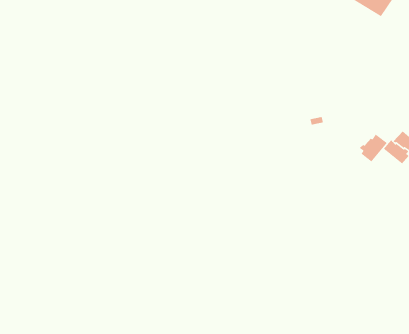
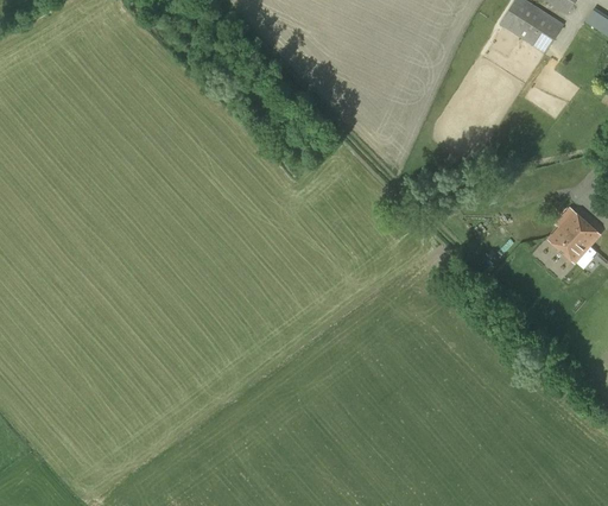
building: [359,133,388,163] -> none

